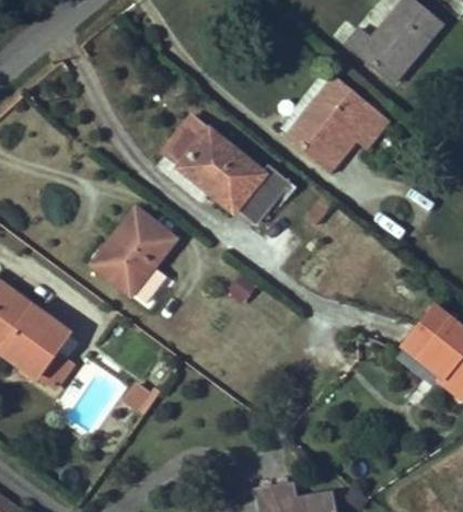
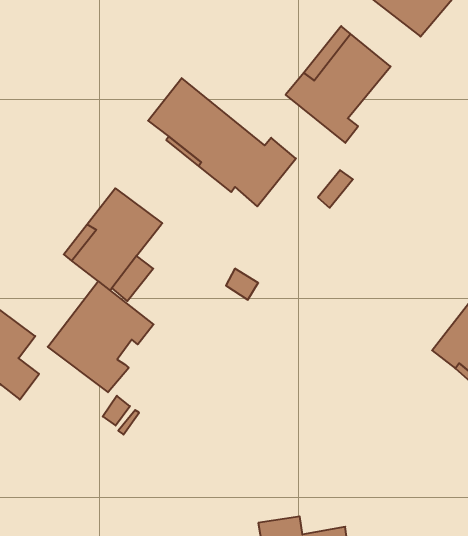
building: [333,105,387,155] -> none
building: none -> [48,281,154,392]

